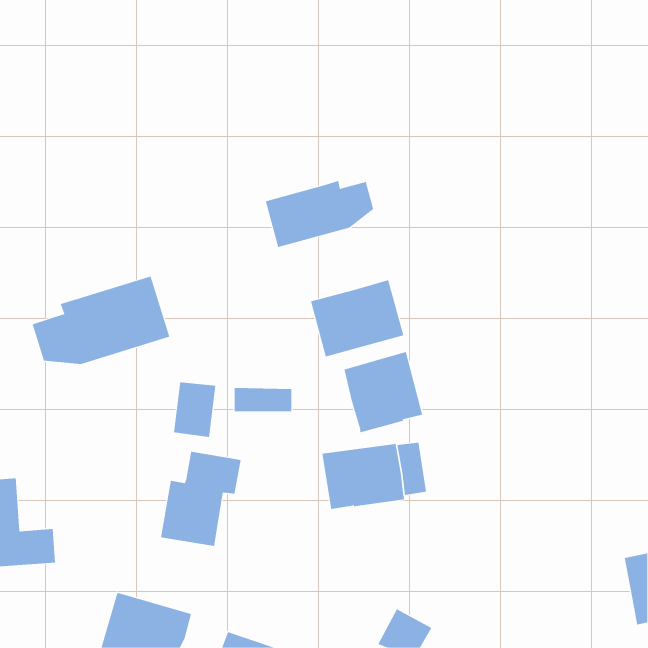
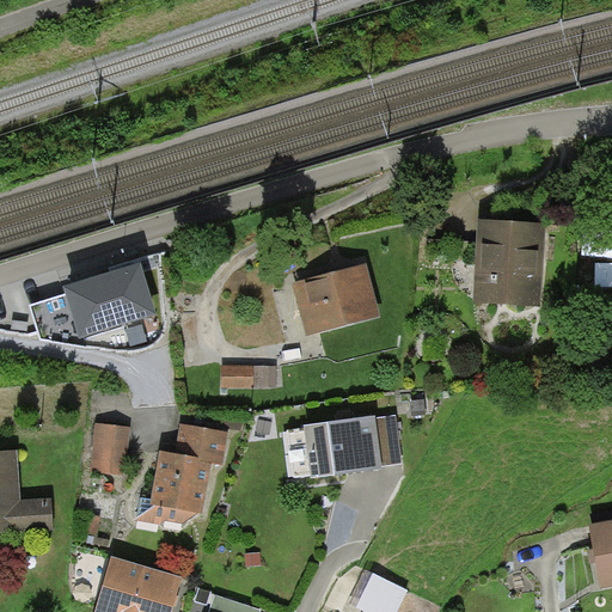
building: [265,180,374,248] -> none
building: none -> [472,221,544,306]
building: [343,351,423,433] -> none
building: [173,382,216,438] -> [88,423,129,476]

